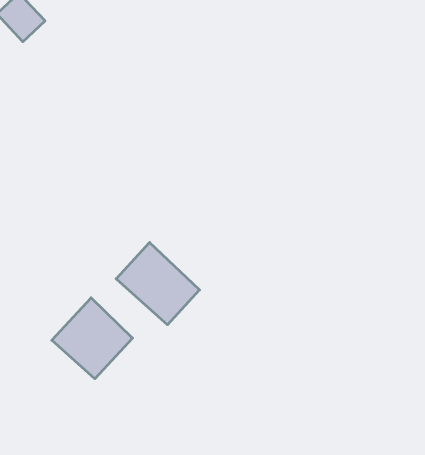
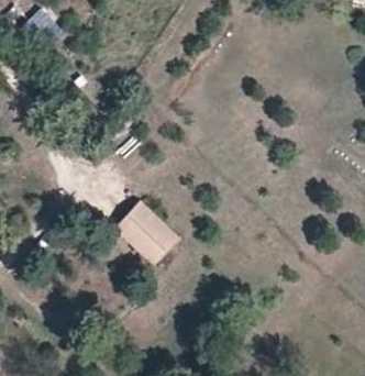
building: [52,298,133,379] -> none

